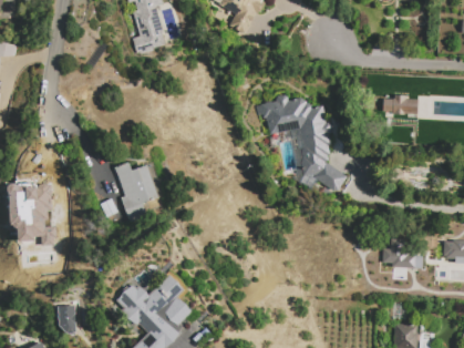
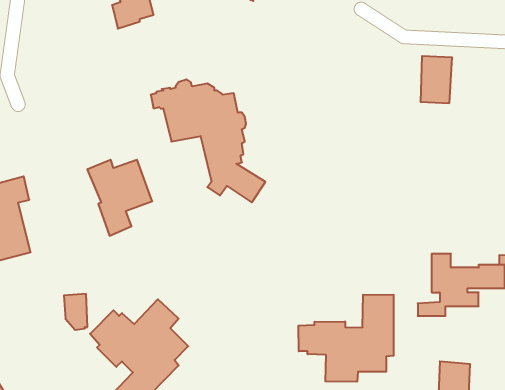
building: [256,94,348,193] -> [151,79,265,202]
building: none -> [298,295,394,382]
building: [58,305,76,334] -> [64,294,87,330]

